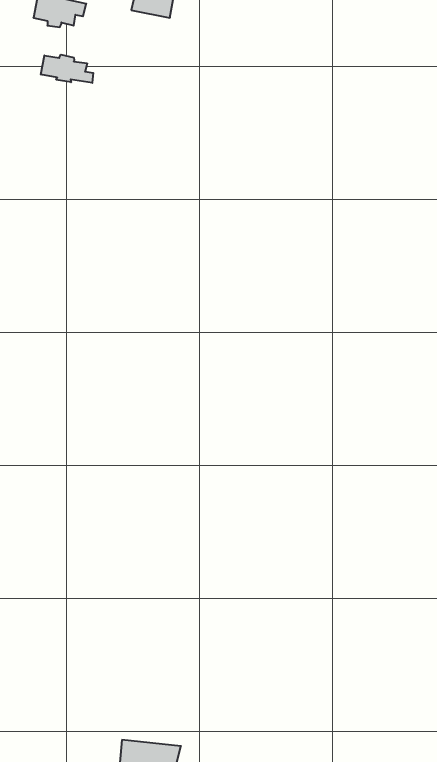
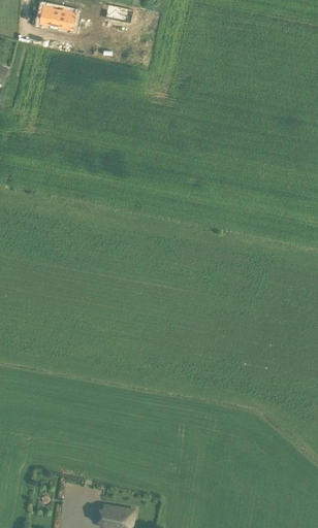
building: [41,55,93,83] -> none

